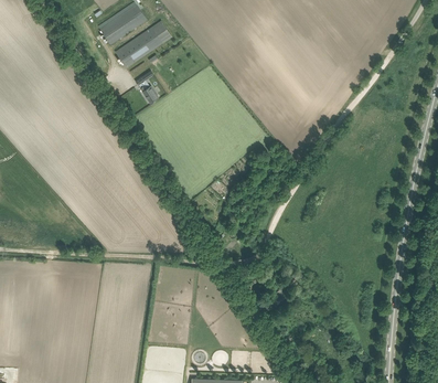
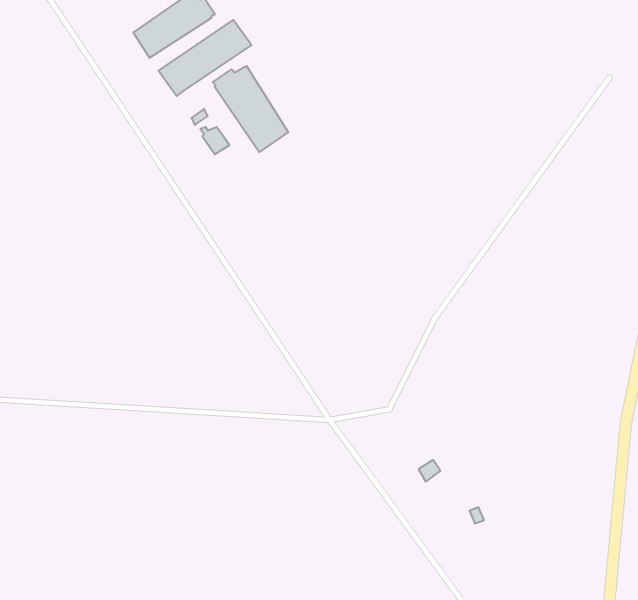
building: none -> [213,66,288,152]

